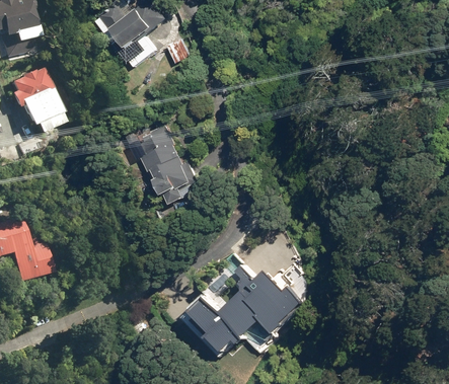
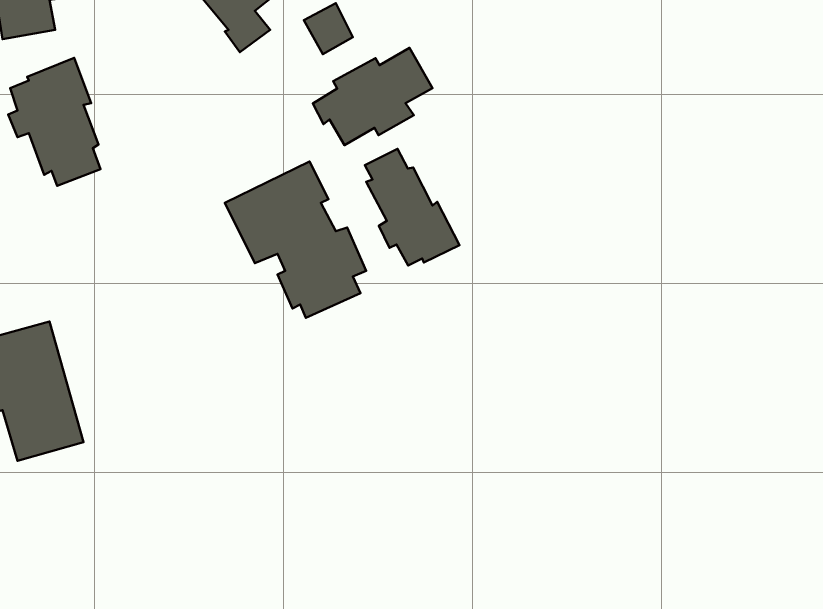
building: none -> [313,48,433,145]
building: none -> [365,149,460,265]
building: [184,263,300,353] -> none

